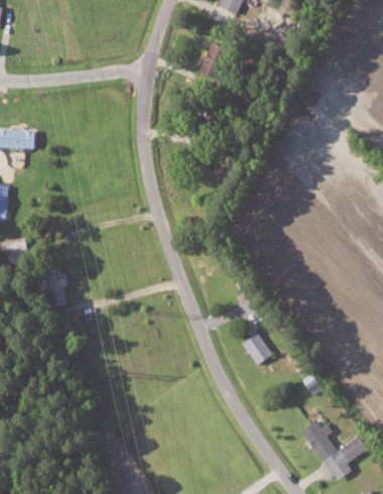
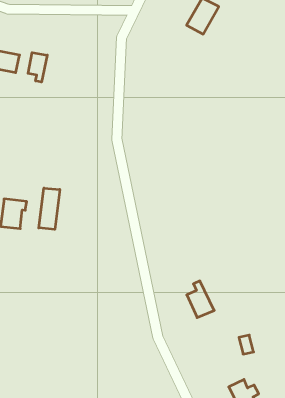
building: none -> [28,53,47,82]
building: none -> [39,188,60,229]

